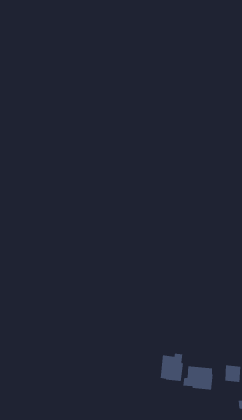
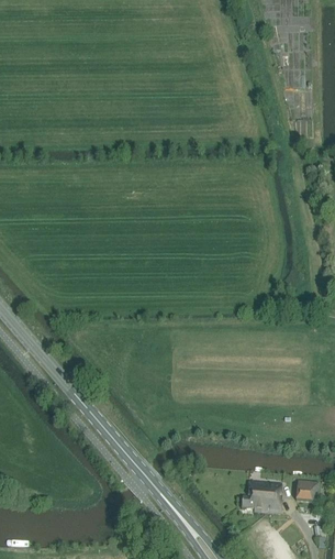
building: [160,353,184,382] -> none

